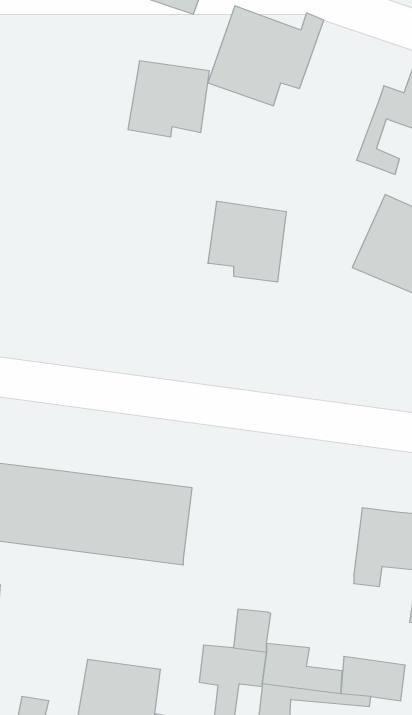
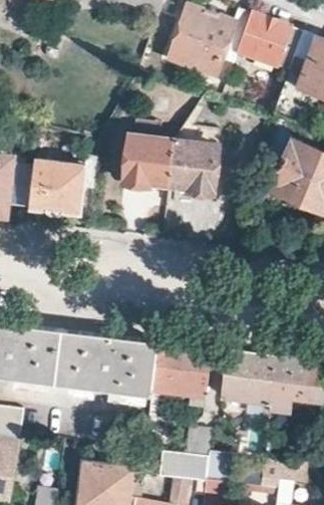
building: none -> [236,15,301,70]
building: [128,61,209,137] -> [116,136,174,189]
building: none -> [27,162,93,215]
building: none -> [150,343,210,408]
building: none -> [220,351,276,405]

